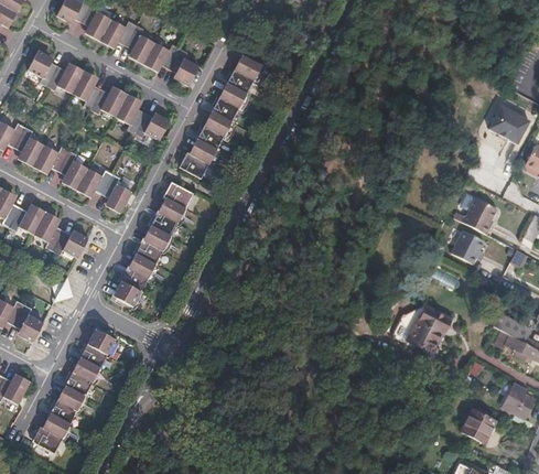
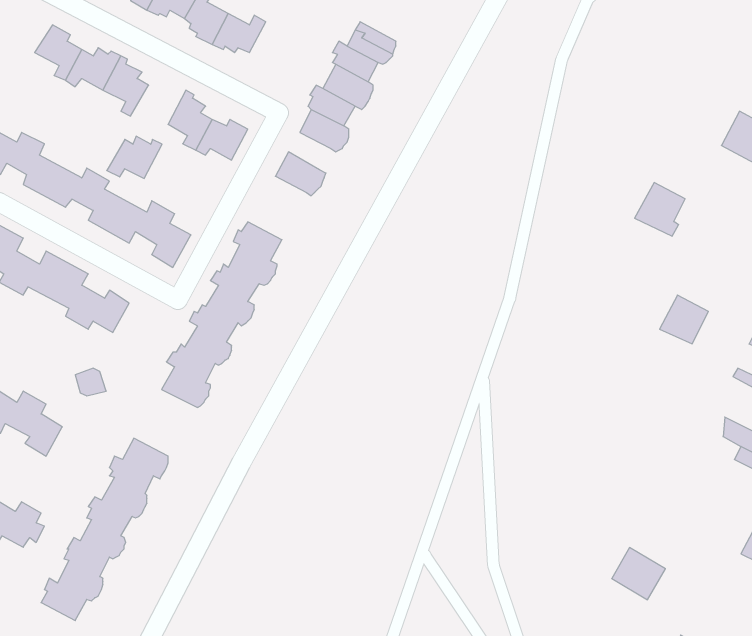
building: [171,46,200,84] -> none
building: [90,87,128,116] -> [107,136,162,178]
building: [195,118,226,147] -> none
building: [177,149,209,177] -> none
building: [459,198,493,235] -> [635,183,685,236]
building: [403,304,448,352] -> none
building: [460,408,496,443] -> [612,548,665,600]

